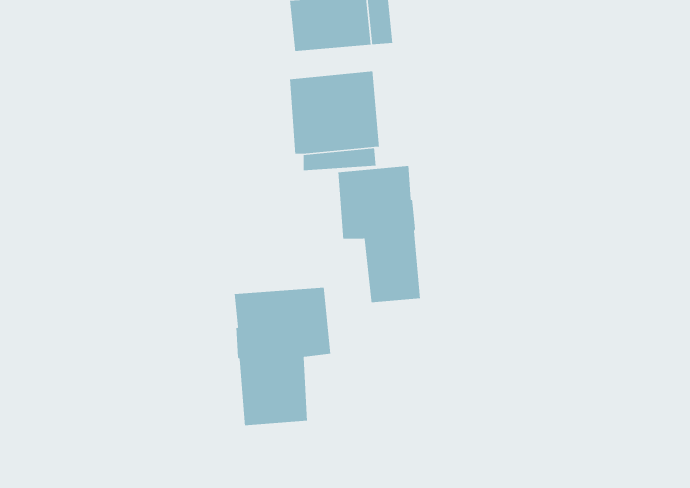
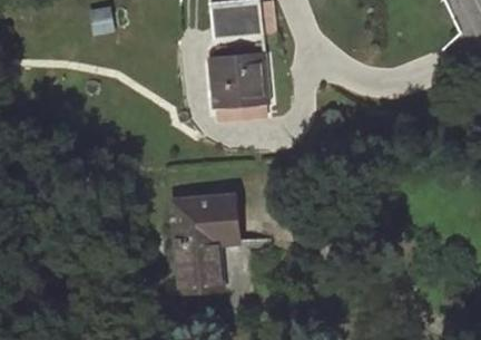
building: [338,165,421,303] -> none

